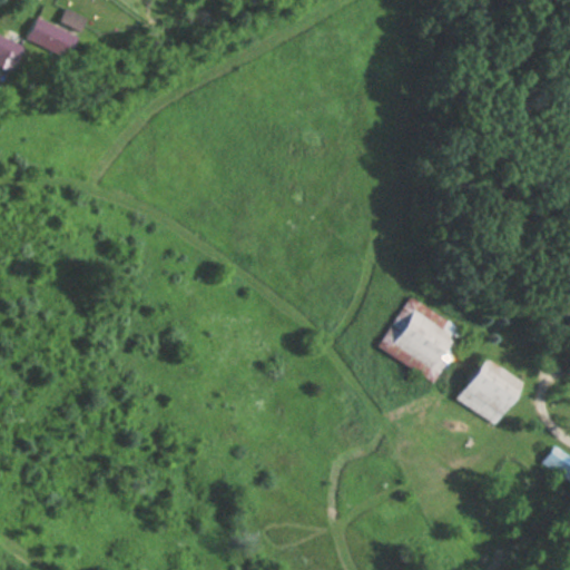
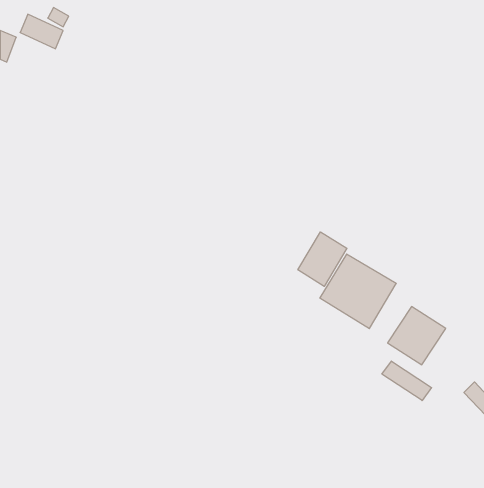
building: none -> [298,232,347,286]
building: none -> [382,361,432,401]

